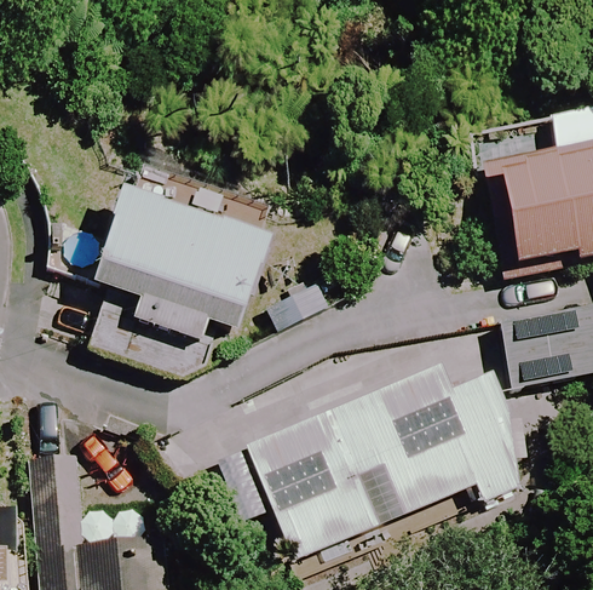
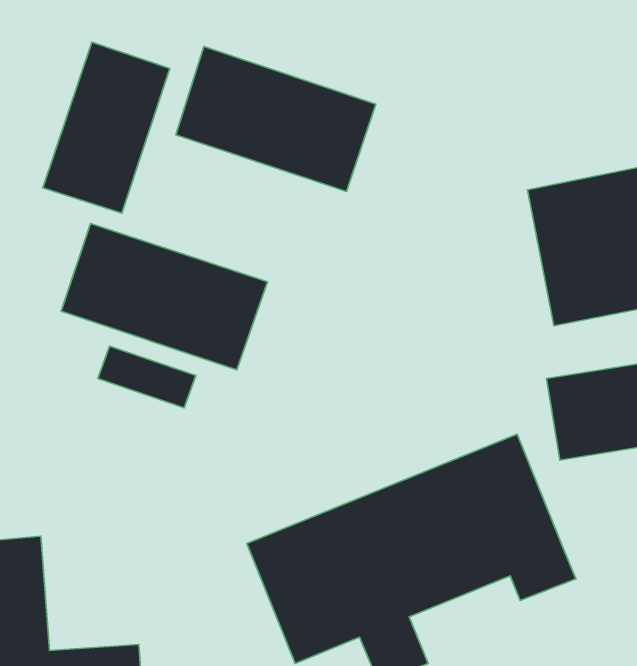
building: none -> [43,42,170,213]
building: none -> [176,46,376,192]

